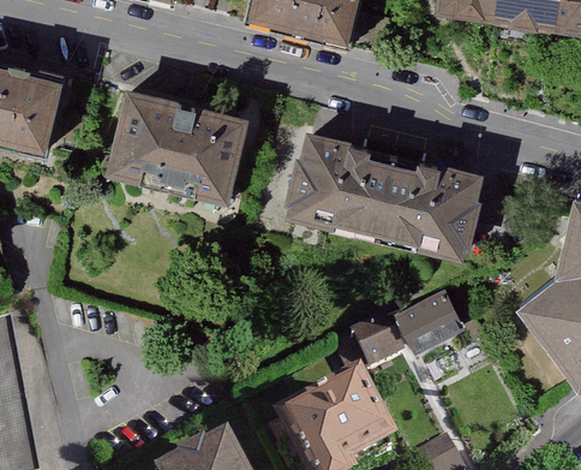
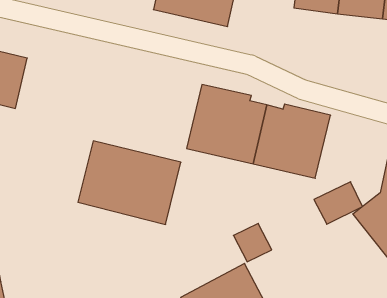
building: [106,87,251,204] -> [78,141,181,224]
building: [399,288,467,349] -> [314,182,363,224]

